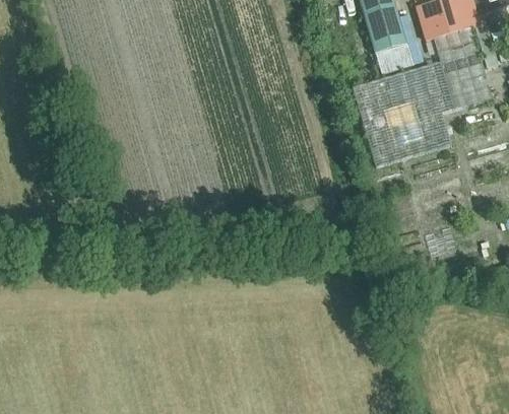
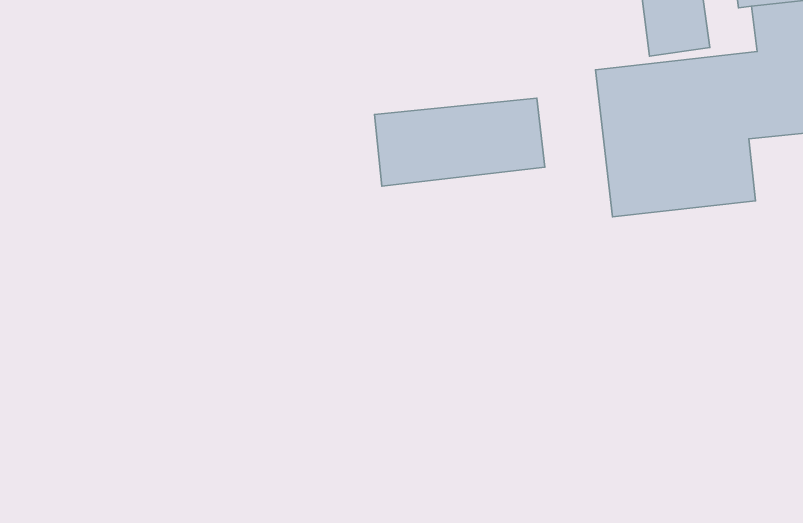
building: none -> [374,98,545,186]

